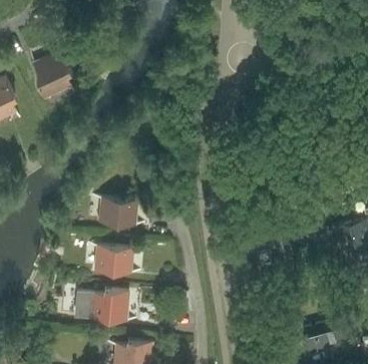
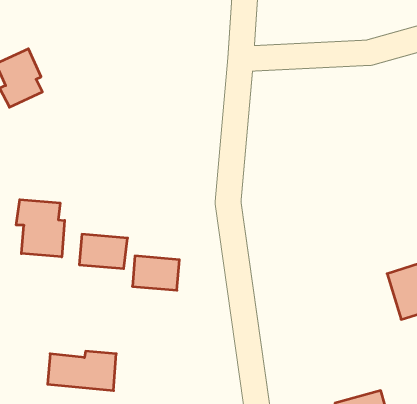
building: none -> [16,200,65,257]
building: [95,248,132,275] -> [132,256,179,290]

